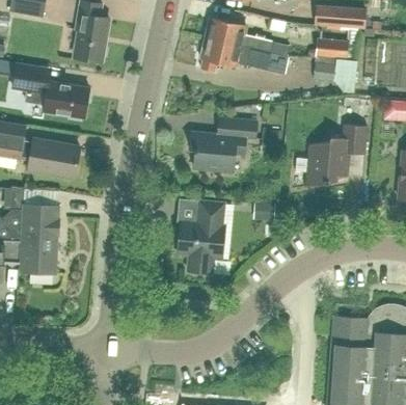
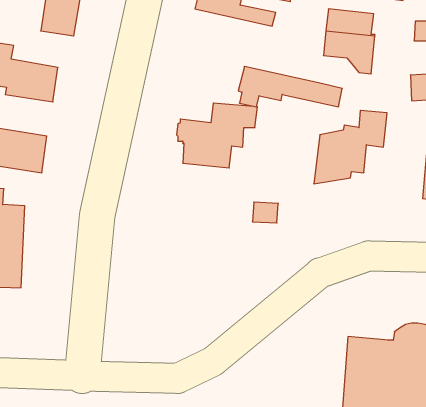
building: [199,37,288,72] -> [238,66,342,107]
building: [178,200,225,272] -> none

